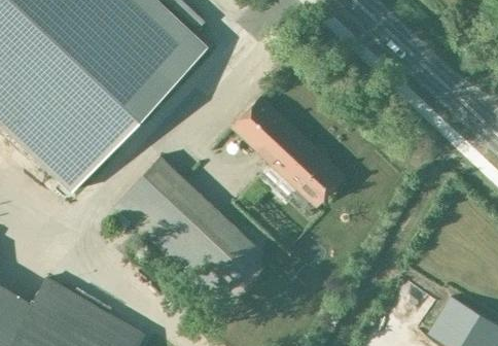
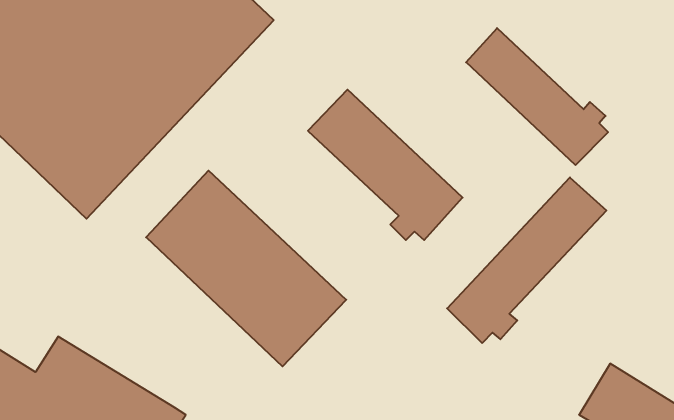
building: none -> [466,28,608,165]
building: none -> [447,177,606,343]

